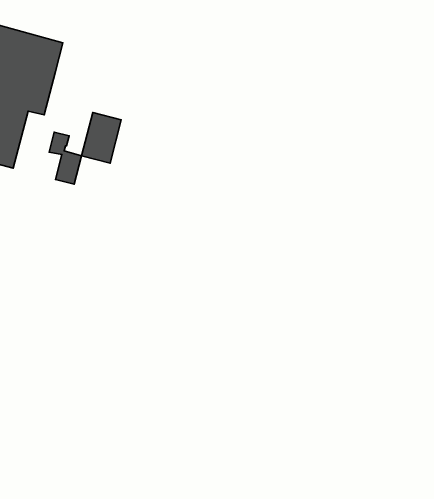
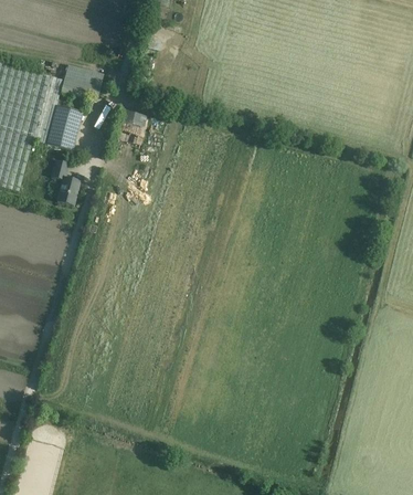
building: [82,112,121,163] -> [46,104,82,149]

